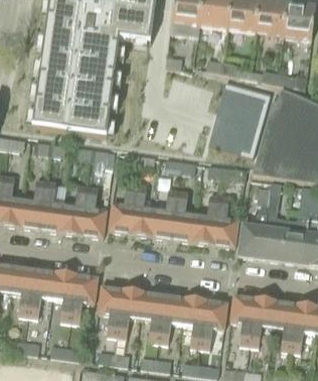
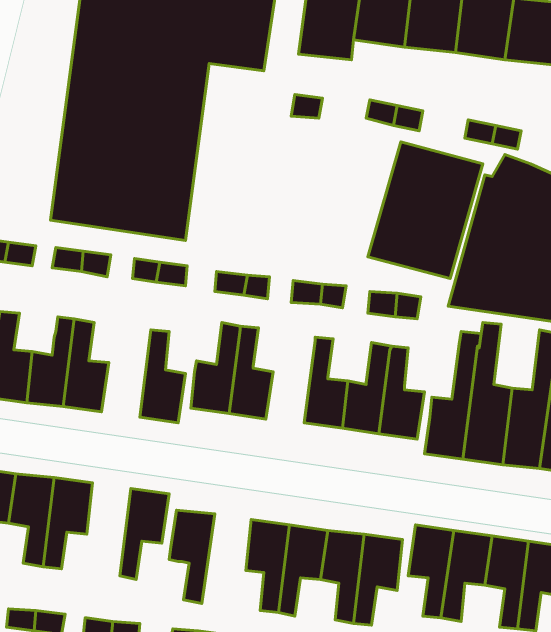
building: [60,184,88,235] -> none
building: [151,188,178,238] -> none
building: [52,271,76,323] -> none
building: [116,288,143,339] -> none

